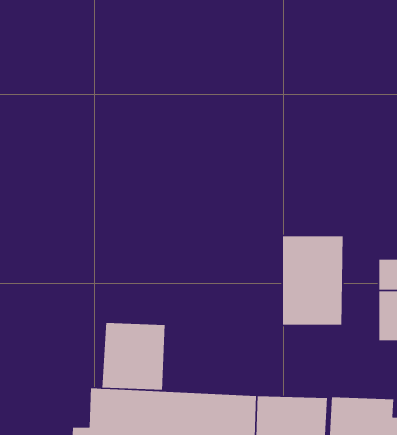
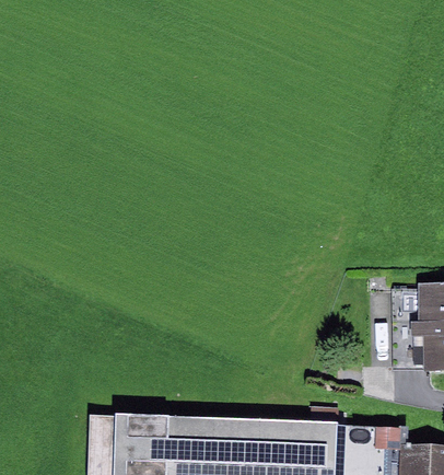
building: [282,235,343,326] -> none
building: [101,322,165,390] -> none

